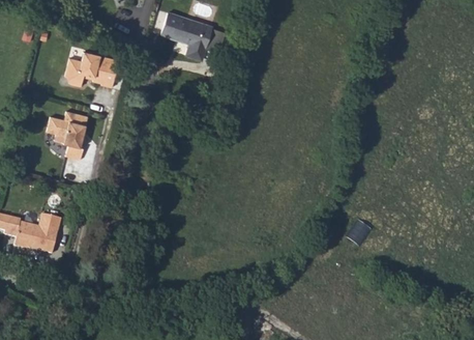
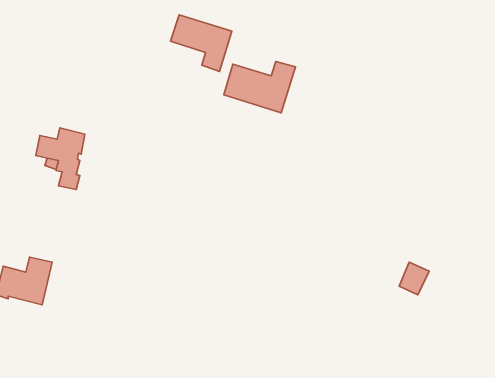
building: [63,49,118,84] -> none
building: none -> [224,61,296,113]

